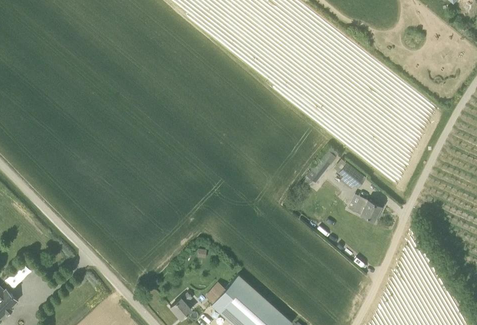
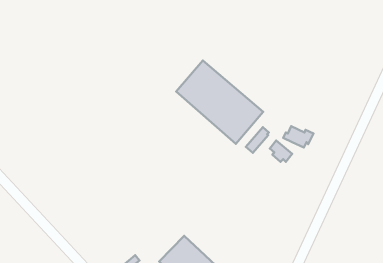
building: none -> [176,61,263,144]
building: [350,198,384,222] -> [283,126,314,148]

